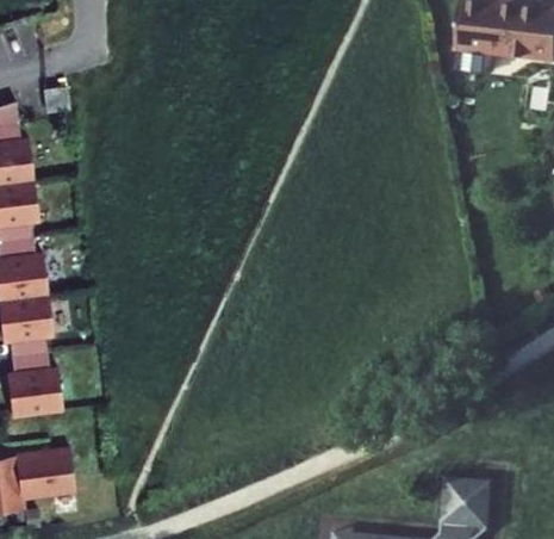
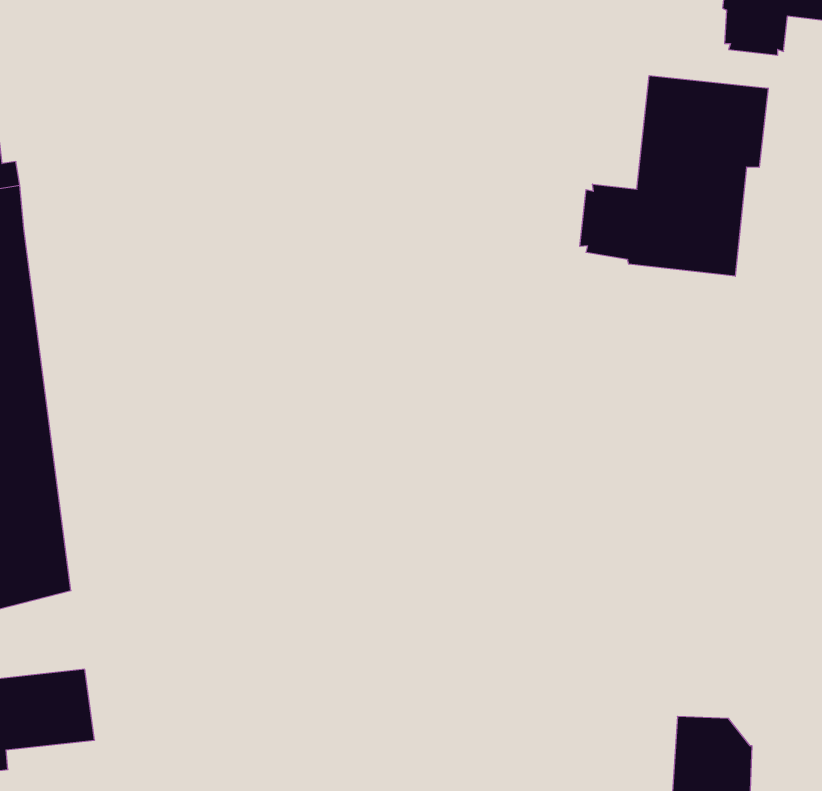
building: none -> [580,76,768,276]

